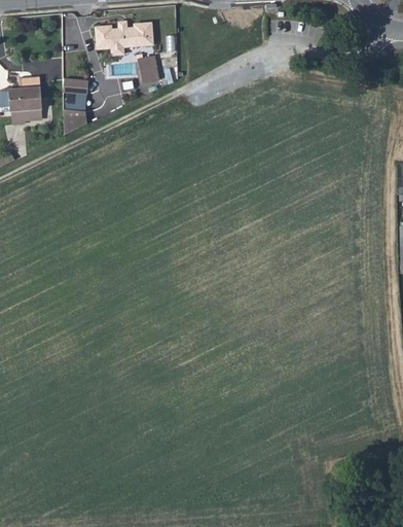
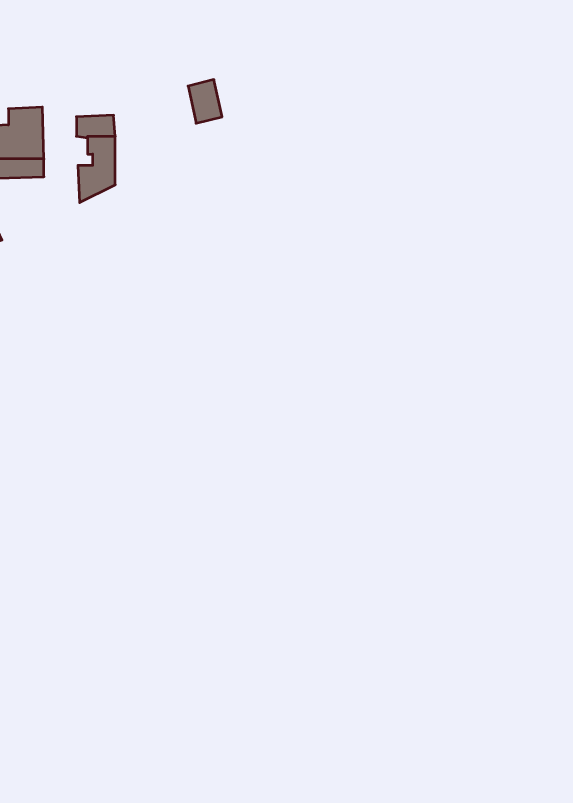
building: [94,23,151,55] -> none

